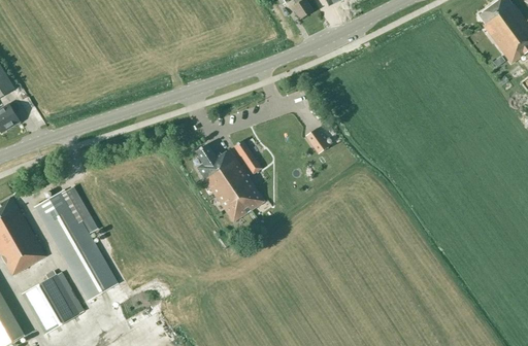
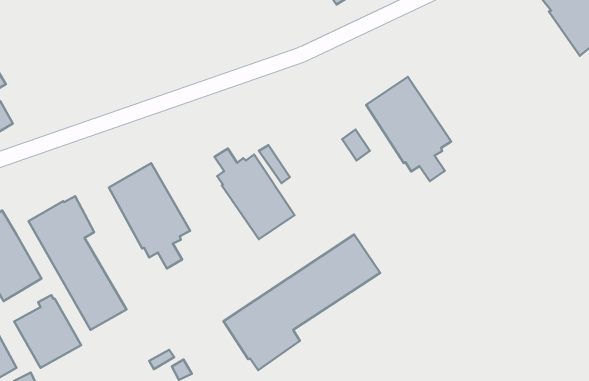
building: none -> [366,77,451,181]
building: none -> [109,163,190,268]
building: none -> [224,234,380,370]

